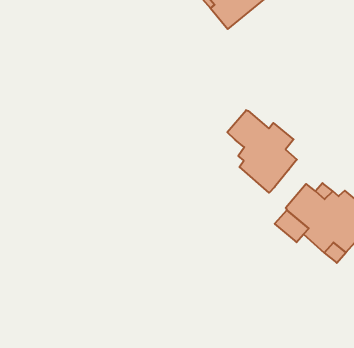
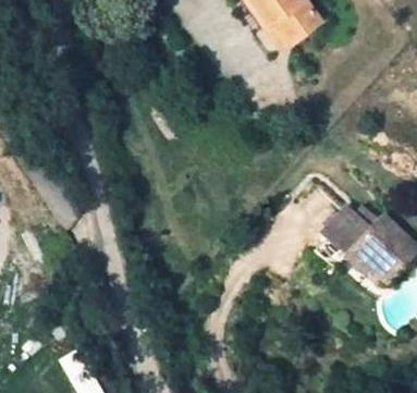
building: [227,110,297,193] -> none

